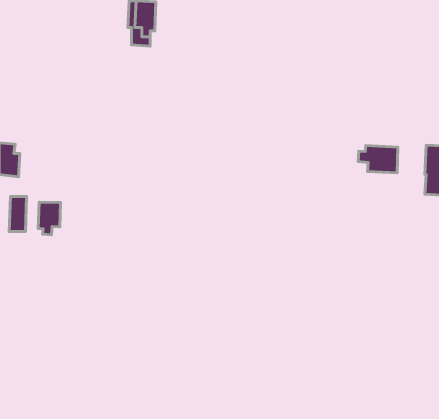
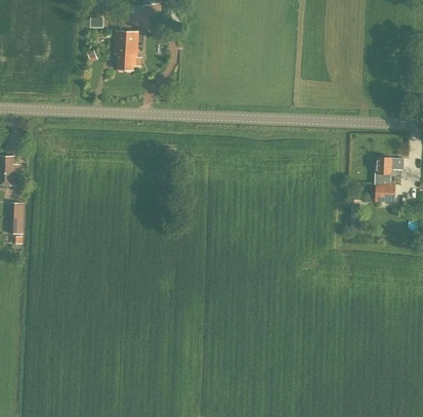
building: [358,146,398,173] -> none
building: [38,202,61,235] -> none

